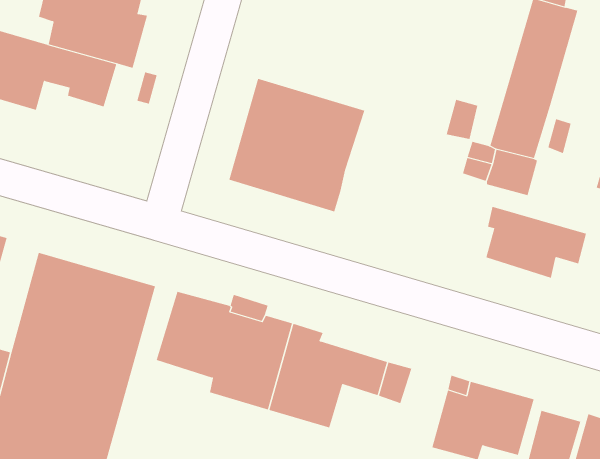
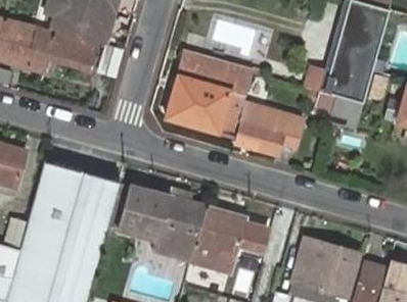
building: [485,206,587,279] -> [235,109,300,155]

